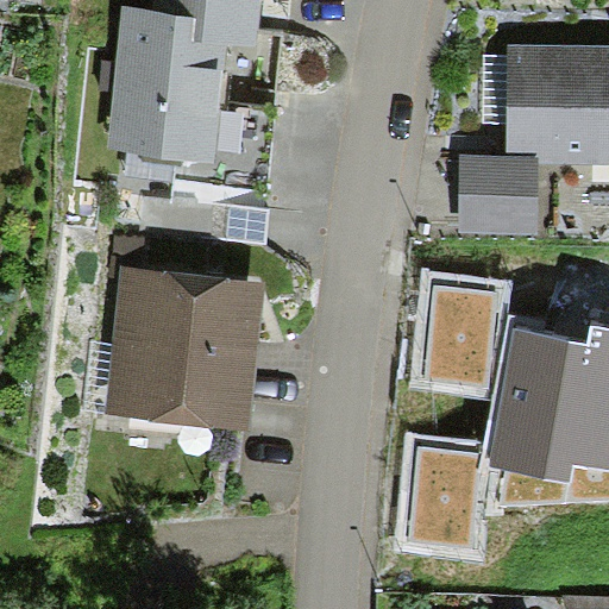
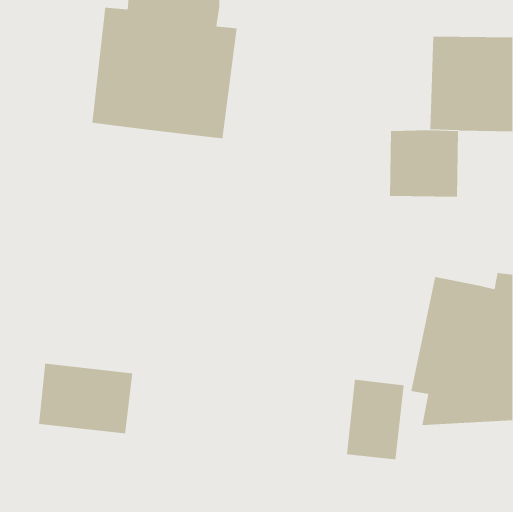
building: [102,266,263,432] -> none
building: [426,288,495,382] -> none
building: none -> [39,363,133,434]

